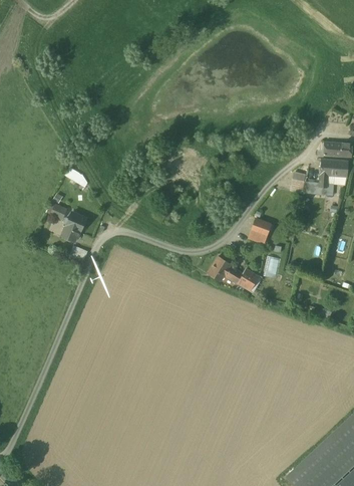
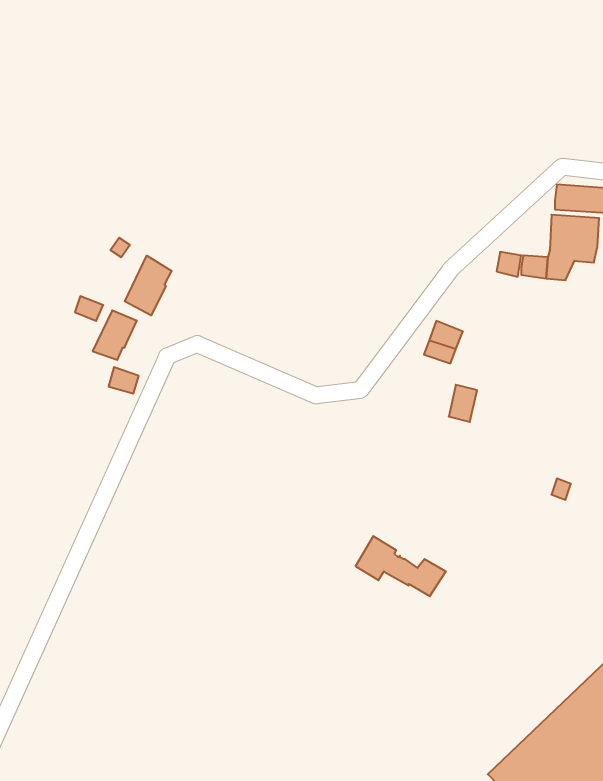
building: none -> [125,256,172,315]
building: [208,256,259,290] -> [356,536,446,596]

